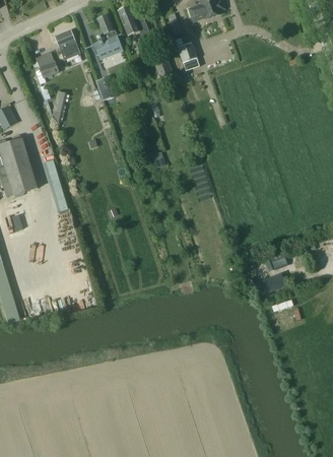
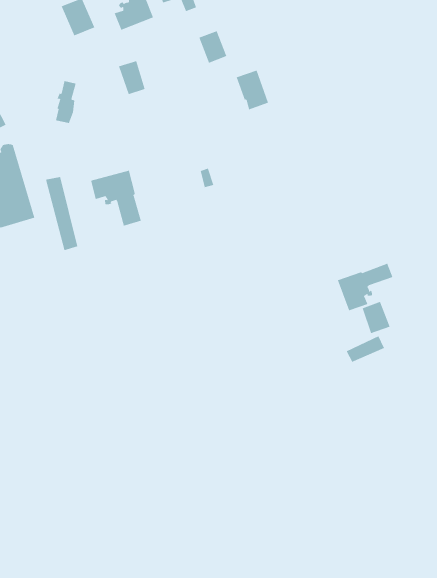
building: [177,42,200,70] -> [236,70,269,110]
building: [36,51,61,79] -> none
building: none -> [91,170,141,226]
building: none -> [337,263,393,311]

